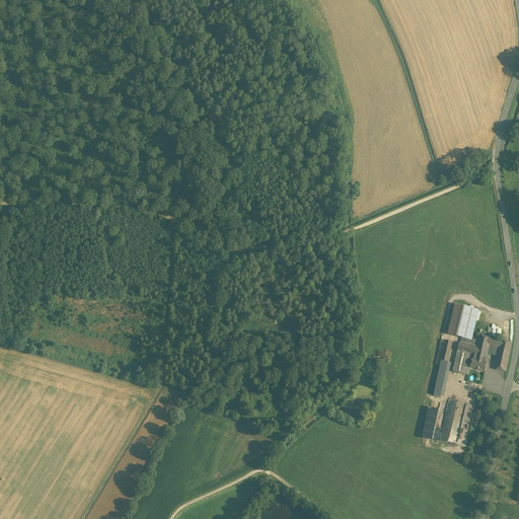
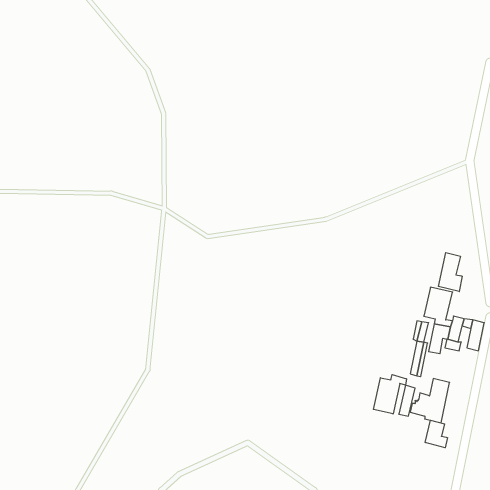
building: none -> [438,253,462,292]
building: none -> [373,375,406,414]
building: none -> [425,420,447,448]

